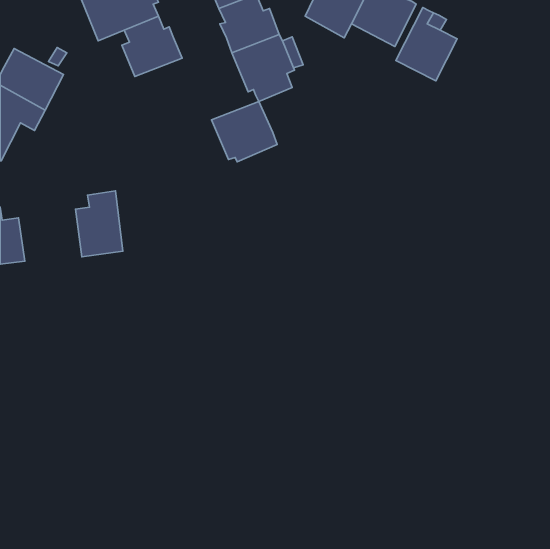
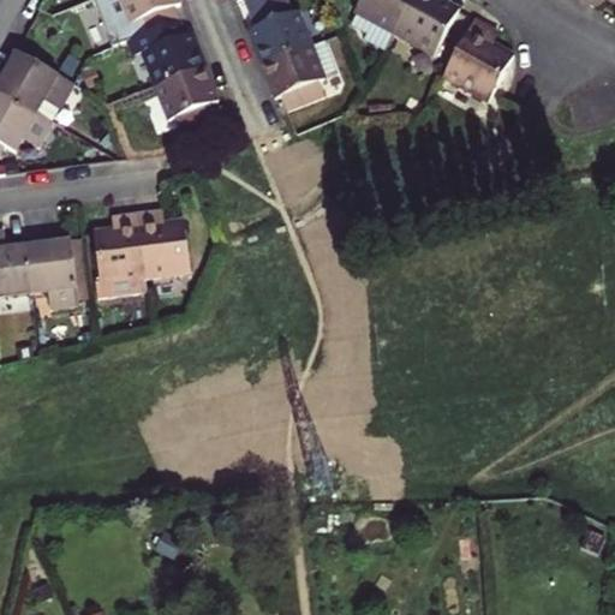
building: [211,101,277,162] -> [151,65,225,132]
building: none -> [130,210,181,280]
building: none -> [22,237,74,306]

